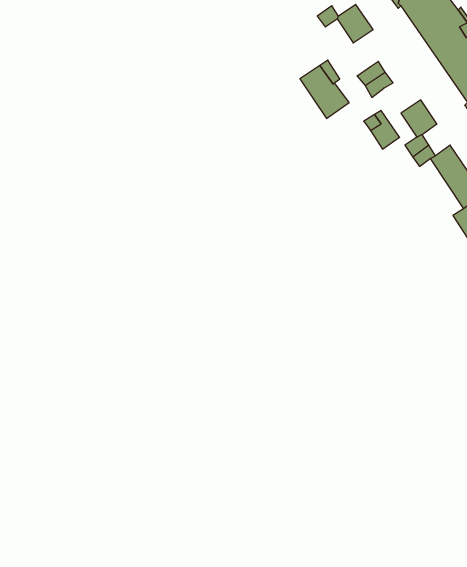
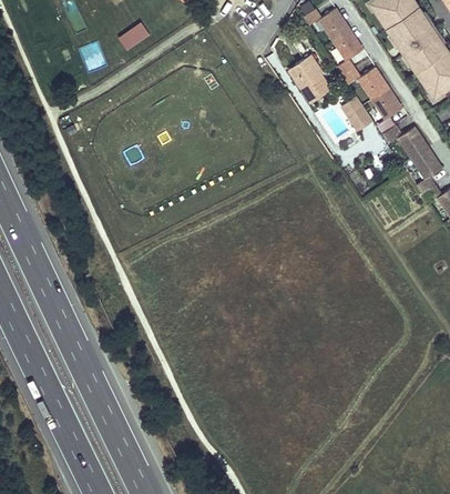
building: none -> [116,22,149,51]
building: none -> [333,29,362,60]
building: none -> [358,67,389,99]

